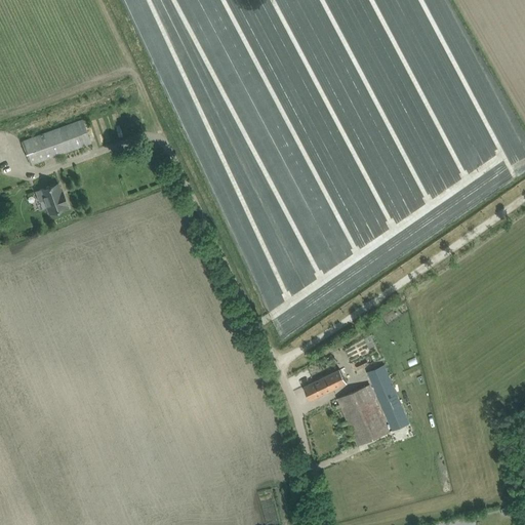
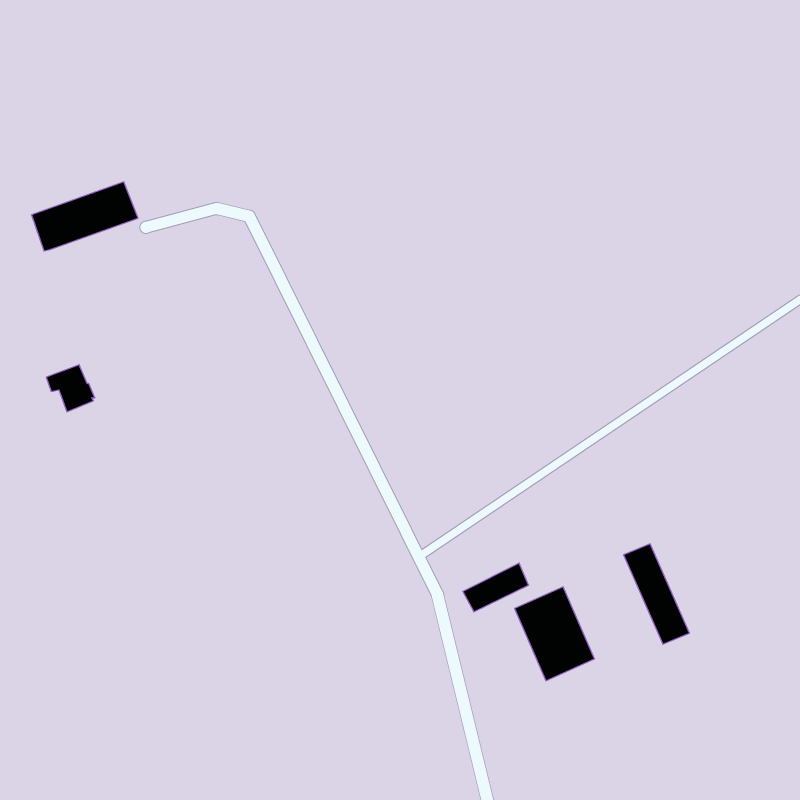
building: [35,184,67,214] -> [46,365,95,412]
building: [366,365,409,431] -> [624,544,689,644]

